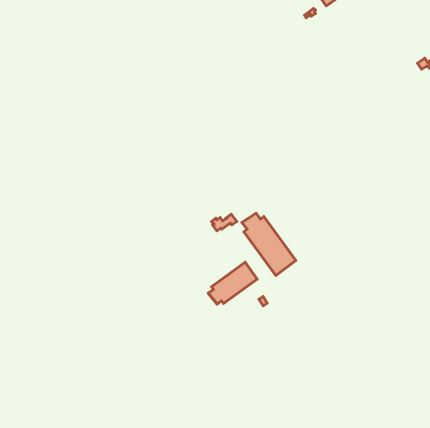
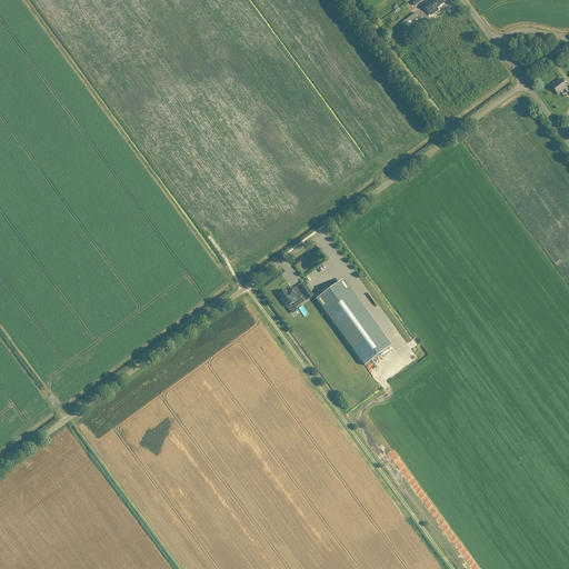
building: [208,262,257,304] -> none

